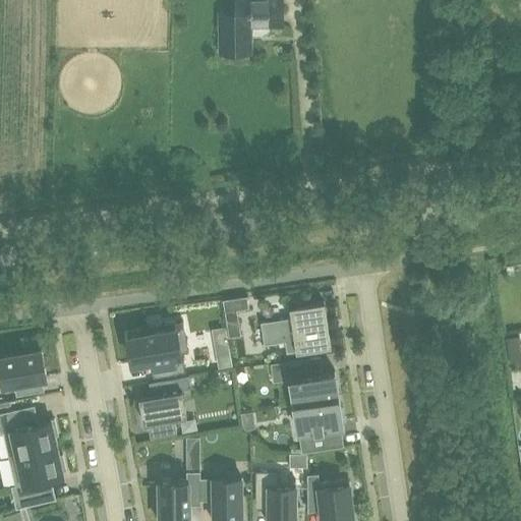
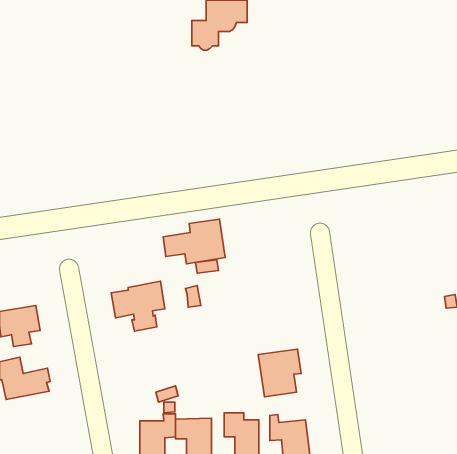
building: [259,304,330,355] -> [163,219,225,264]
building: [270,359,338,407] -> none
building: [137,379,190,438] -> none
building: [7,449,65,506] -> none

